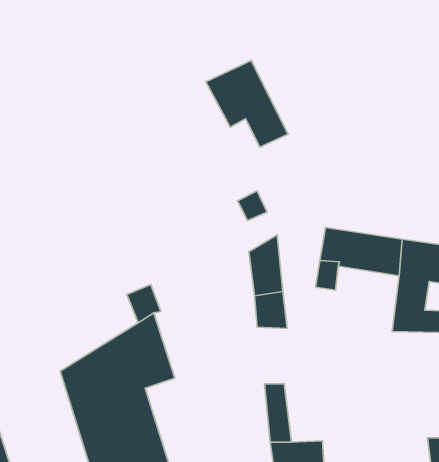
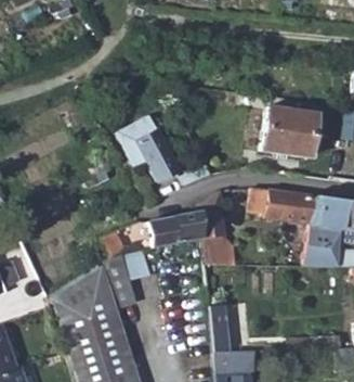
building: [206,60,288,147] -> [116,116,179,182]
building: none -> [261,110,314,156]
building: none -> [150,214,202,247]

